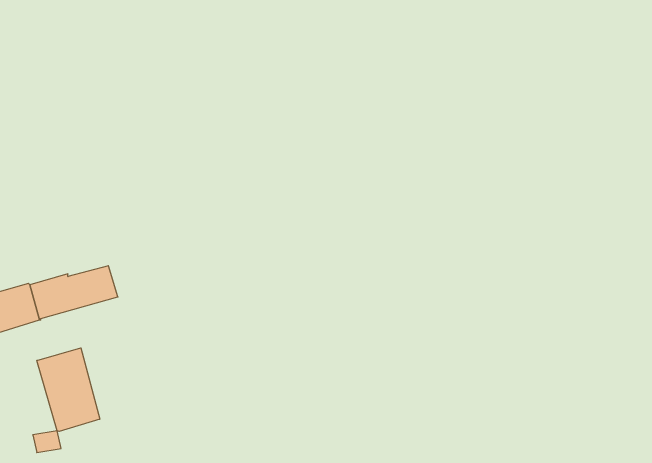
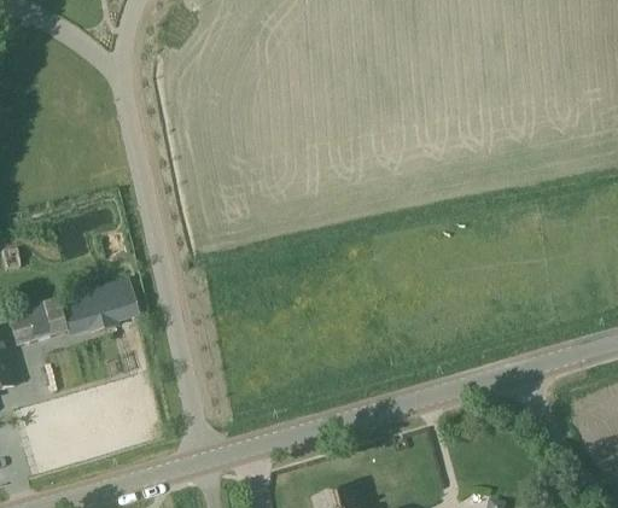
building: [37,348,100,431] -> none

